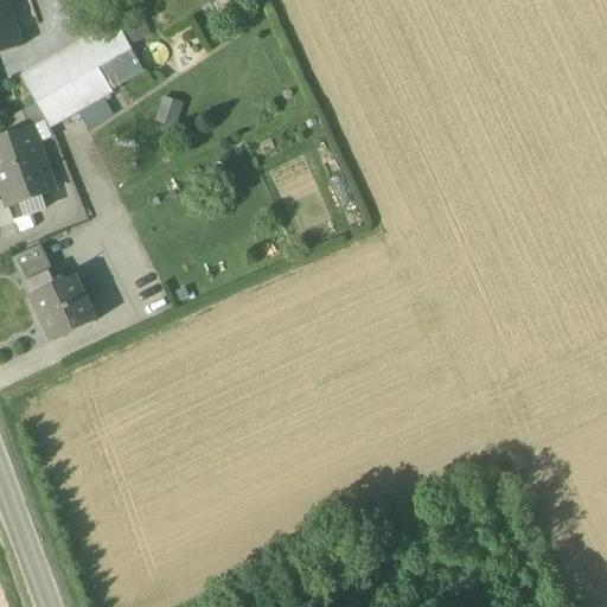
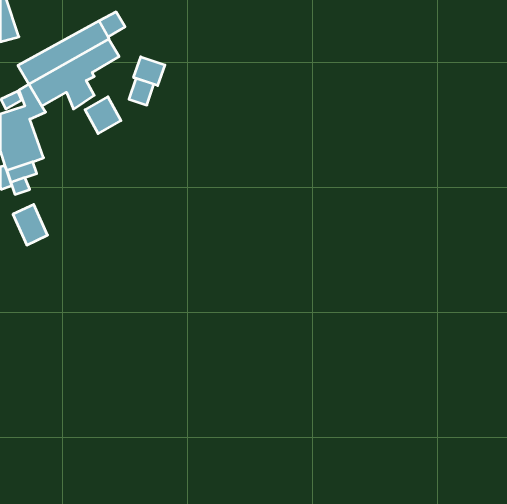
building: none -> [134,57,165,86]
building: none -> [85,97,121,134]
building: [31,273,96,339] -> none

